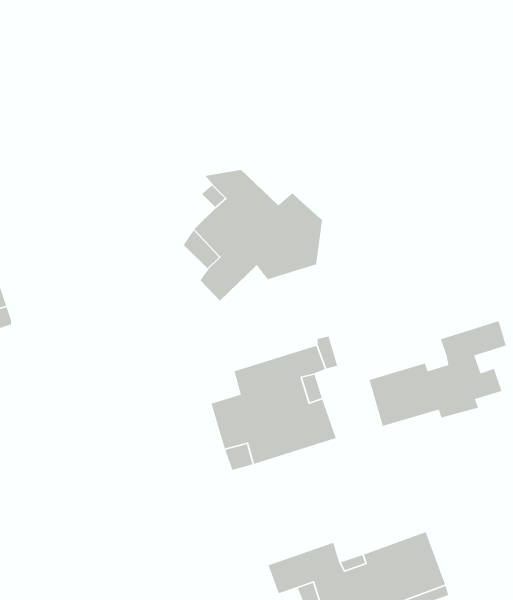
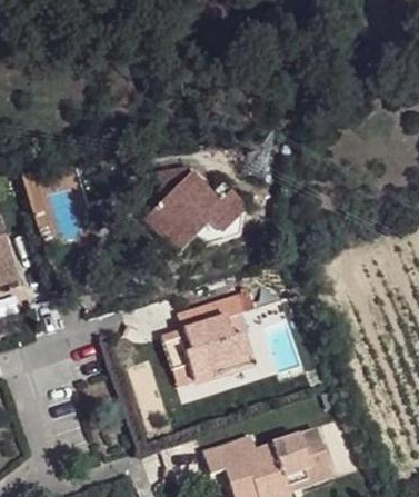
building: [368,320,507,427] -> none

